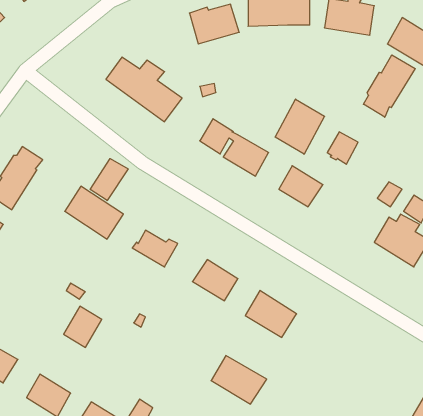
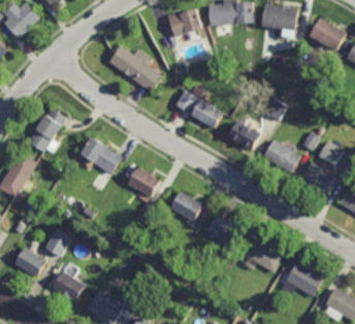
building: [363,55,415,117] -> none
building: [275,99,325,154] -> none
building: [90,159,128,201] -> none
building: none -> [264,141,299,171]
building: [64,306,102,347] -> [44,227,71,256]
building: [211,356,267,404] -> [246,235,285,269]
building: none -> [285,260,321,294]

